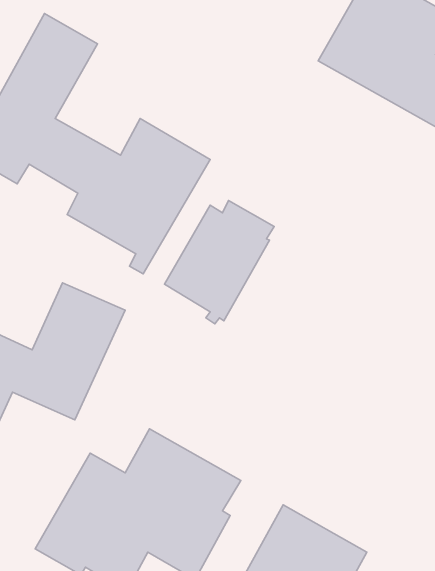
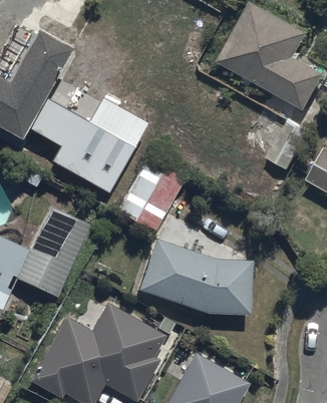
building: none -> [138,240,251,324]

